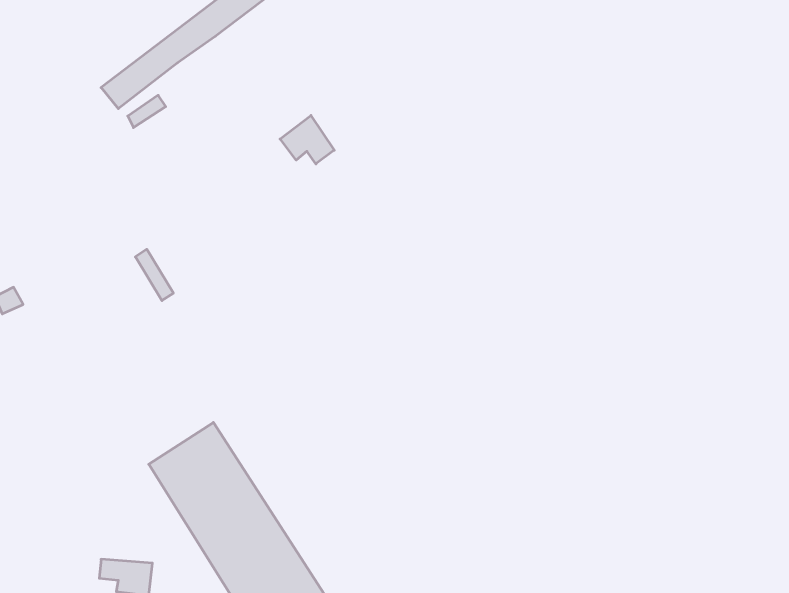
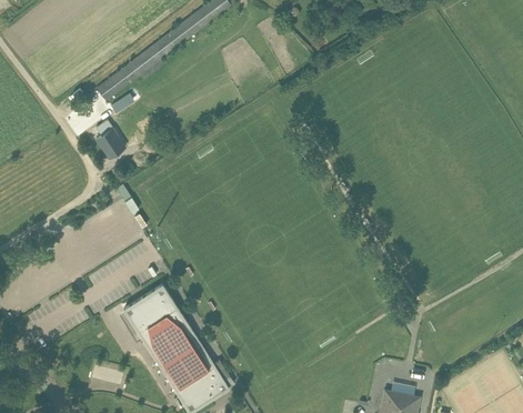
building: [280,115,334,164] -> none
building: none -> [95,120,124,158]

